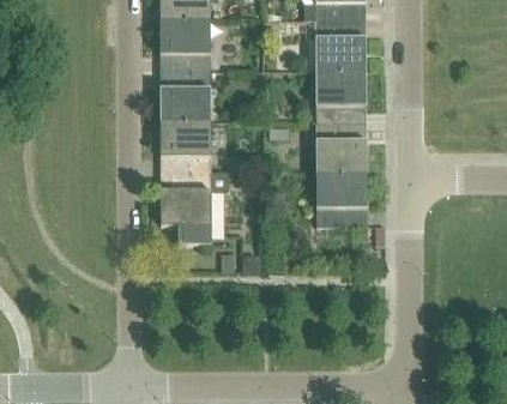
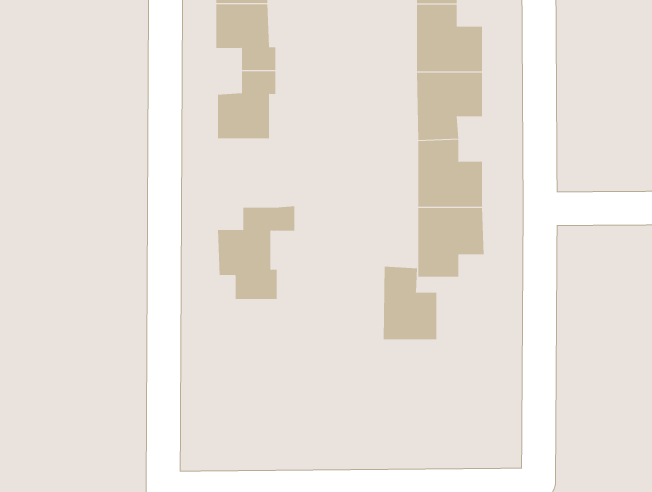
building: [165,123,211,175] -> none
building: none -> [383,266,437,340]

